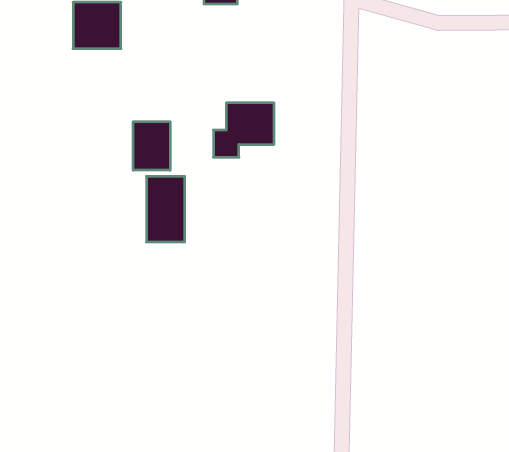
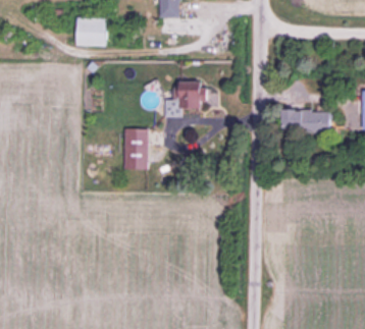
building: [133,122,170,170] -> none
building: none -> [284,110,329,133]

